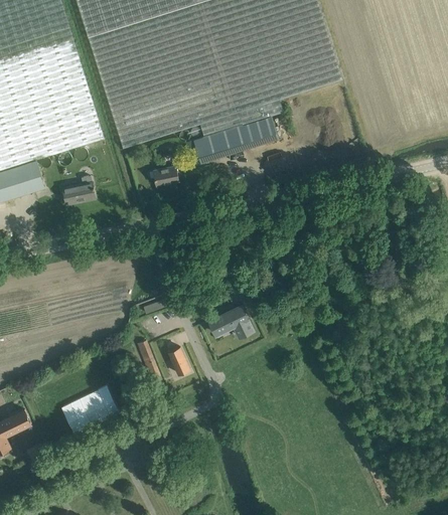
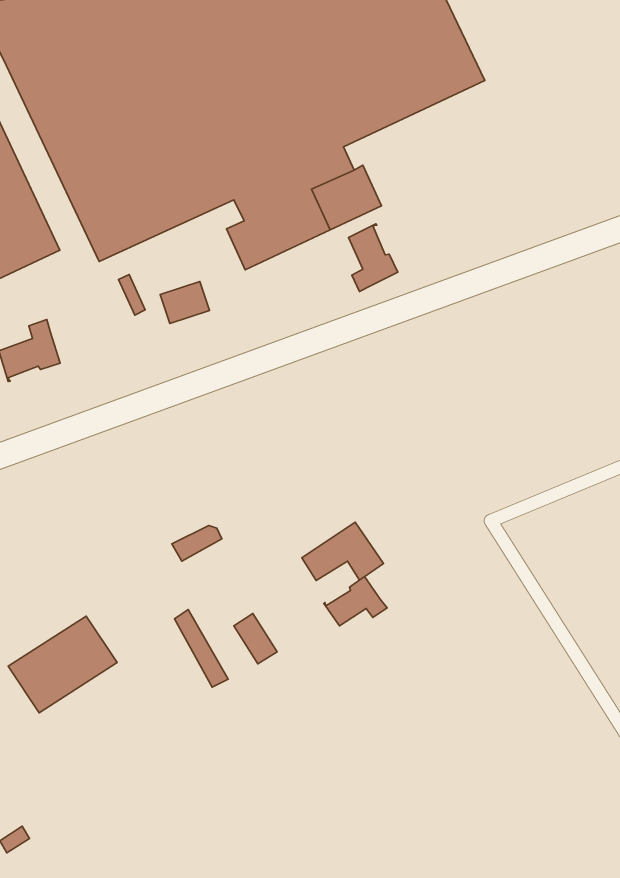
building: none -> [348,224,398,292]
building: none -> [324,577,387,626]
building: [60,385,119,434] -> [8,616,117,713]

